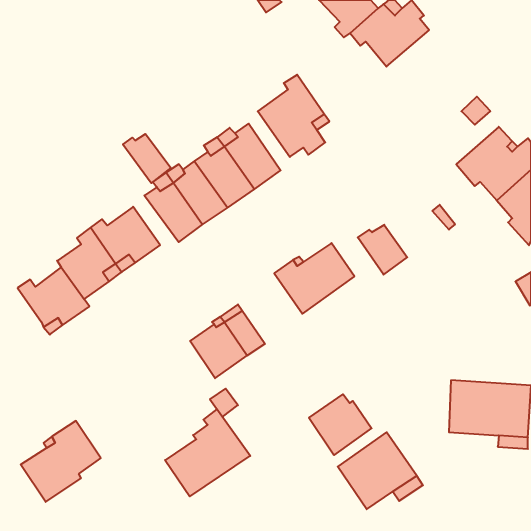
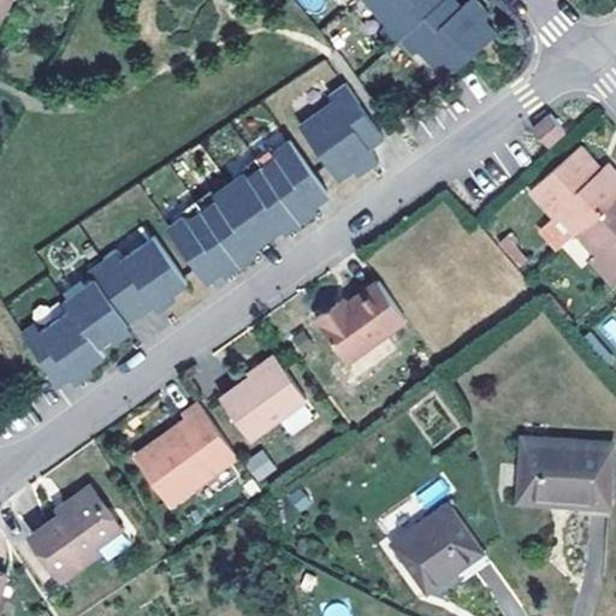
building: [123,134,171,183] -> none
building: [358,225,407,275] -> none
building: [309,394,372,455] -> none
building: [165,409,250,496] -> [141,403,239,504]

